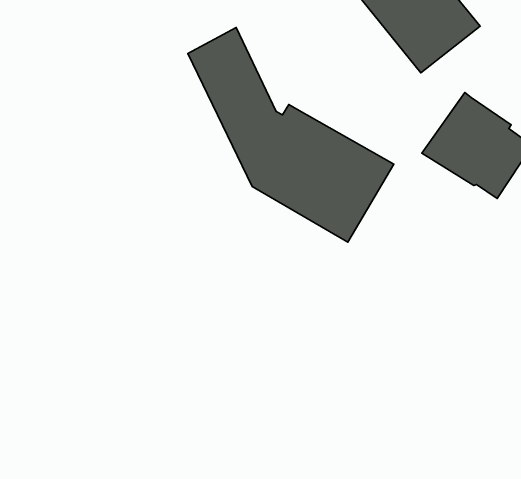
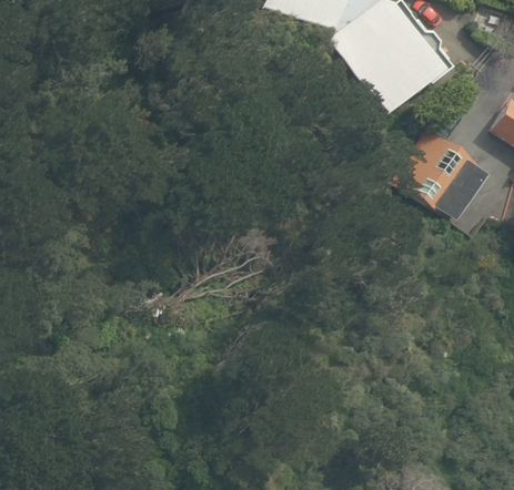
building: [188,28,394,242] -> none

